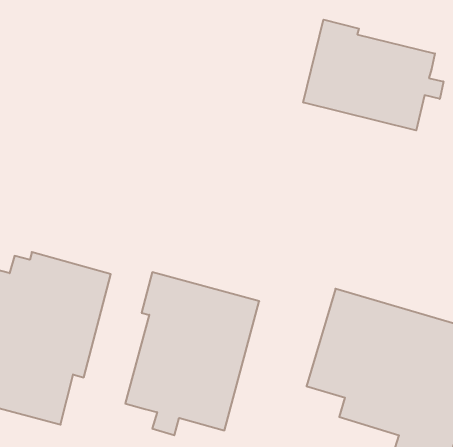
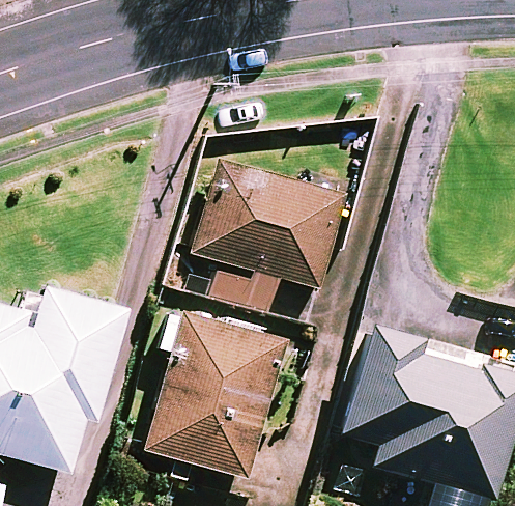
building: [303,20,443,130] -> none
building: none -> [197,163,348,314]

